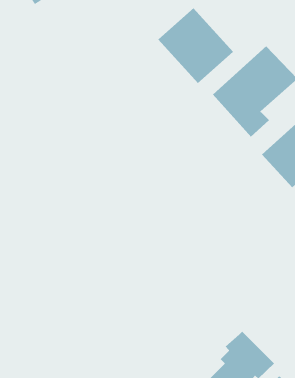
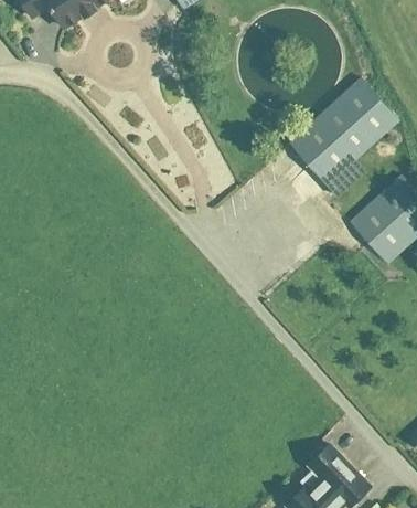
building: [158,7,234,84] -> none

